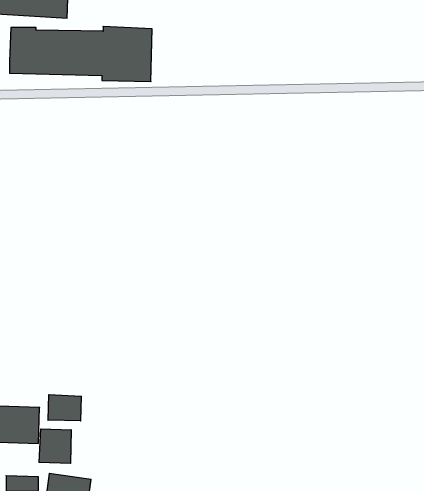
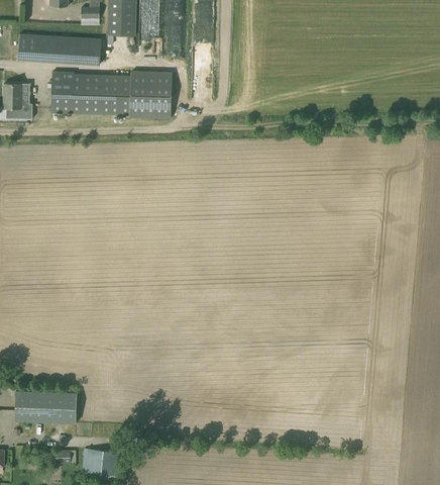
building: [48,395,81,421] -> none
building: [39,429,71,463] -> none

